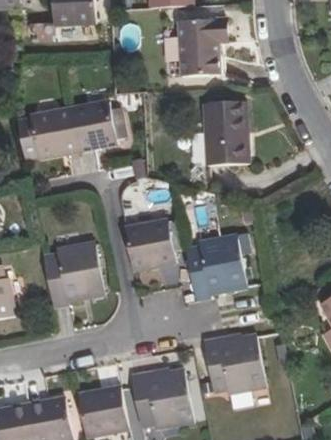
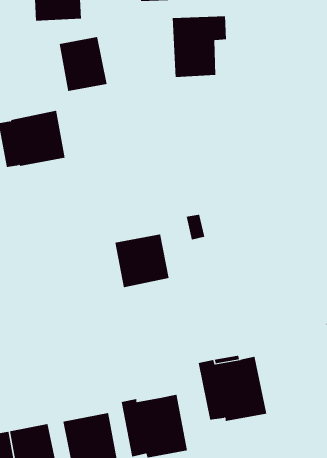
building: [73,100,118,151] -> [59,36,108,92]
building: [205,101,249,165] -> none
building: [186,234,248,301] -> none
building: [44,243,105,308] -> none

